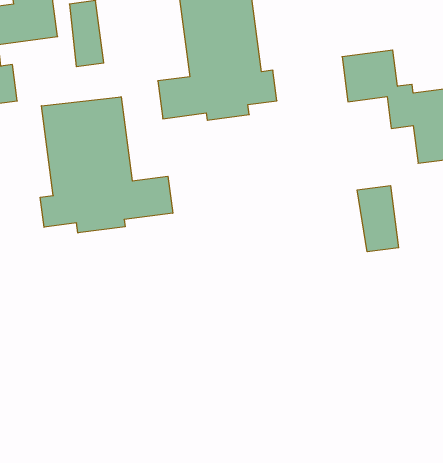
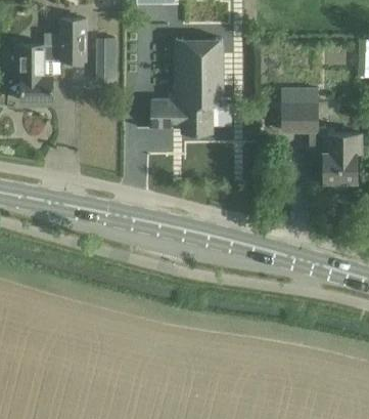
building: [40,97,173,233] -> none
building: [357,186,399,252] -> none

